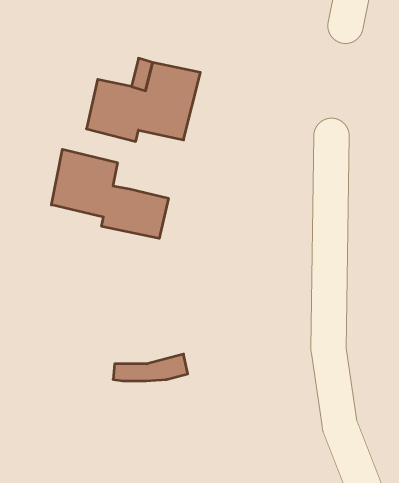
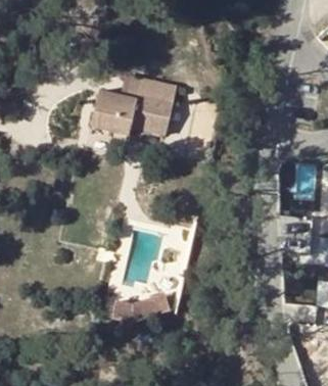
building: [51,149,168,238] -> none

